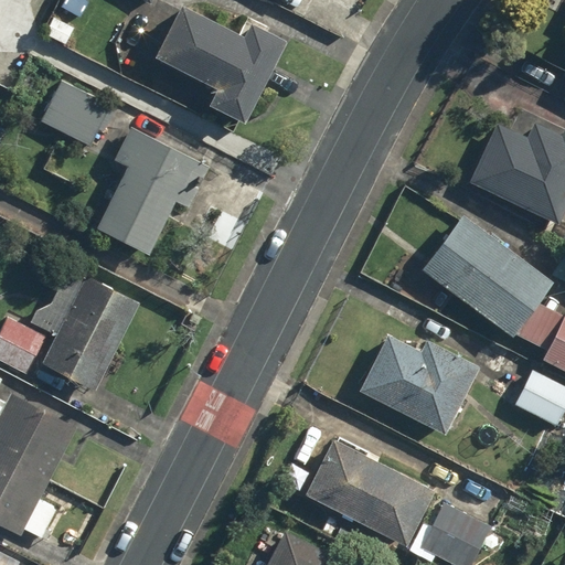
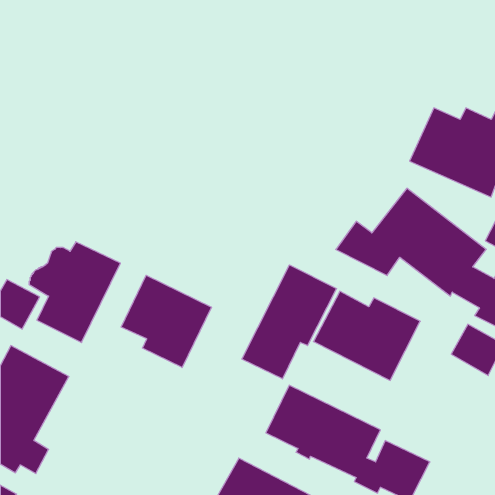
building: [152,6,286,121] -> none
building: [40,81,211,255] -> none
building: none -> [242,265,337,379]
building: none -> [121,275,211,368]

